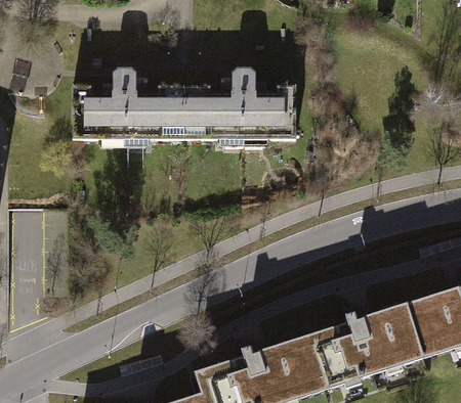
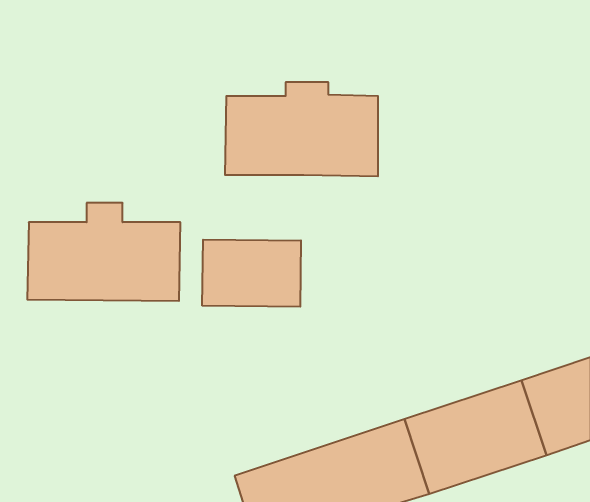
building: [76,73,190,145] -> [27,203,180,301]
building: none -> [202,240,301,307]

